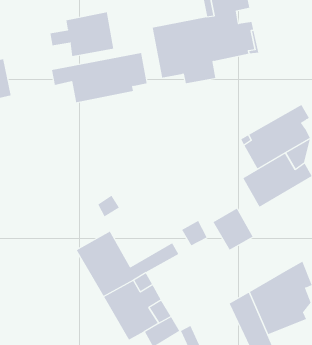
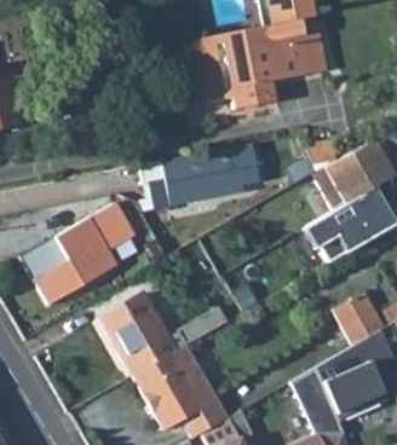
building: [50,12,114,57] -> none
building: [51,52,148,103] -> [140,143,260,206]
building: none -> [33,203,133,305]
building: [213,208,254,251] -> [333,293,384,346]

